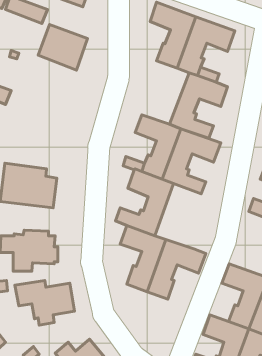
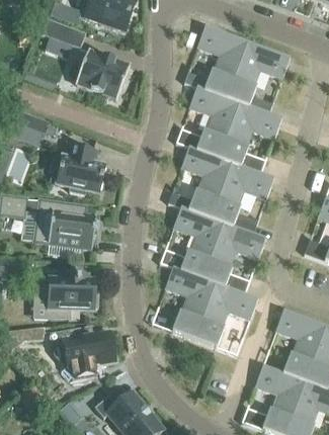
building: none -> [175,86,239,158]
building: none -> [55,145,104,194]
building: none -> [201,223,265,293]

